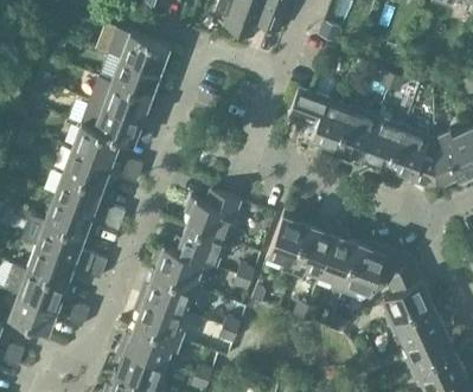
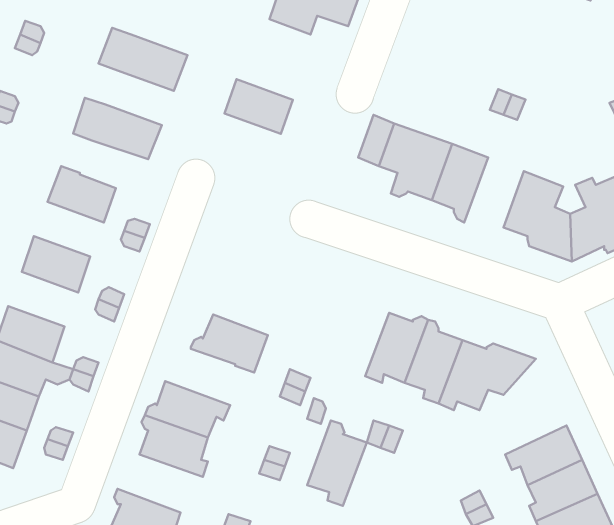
building: [111,58,159,96] -> [225,79,293,134]
building: [81,102,141,146] -> none
building: [360,118,402,167] -> none
building: [62,149,110,187] -> none
building: [186,191,239,242] -> none
building: [44,198,92,236] -> none
building: [267,211,308,270] -> [307,420,367,506]
building: [153,245,202,290] -> none
building: [383,258,432,324] -> none
building: [120,324,179,365] -> none

